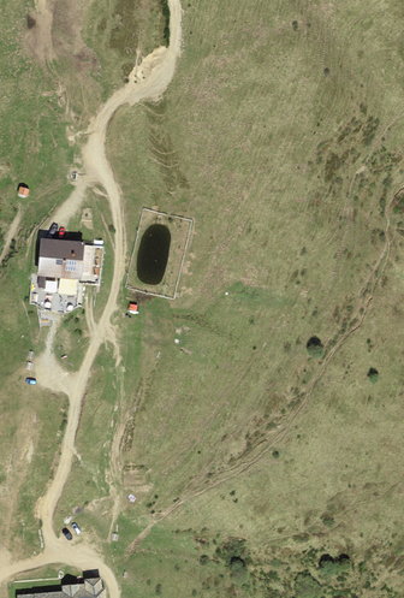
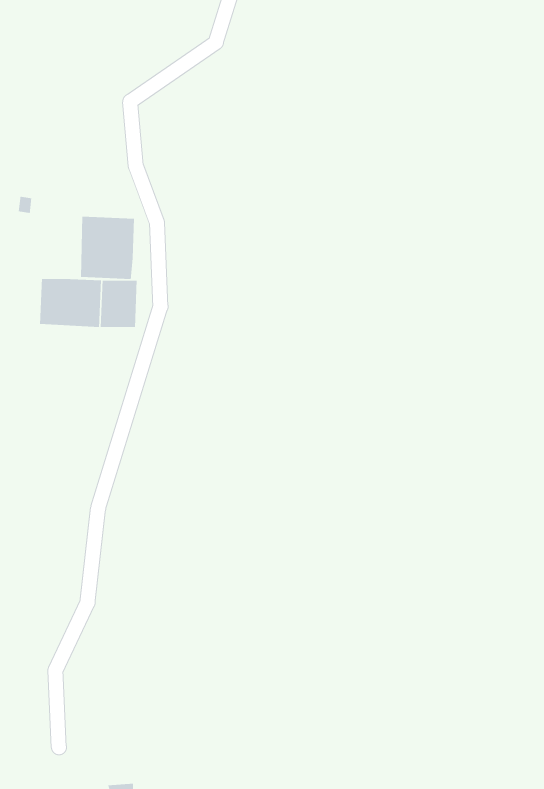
building: none -> [80,216,135,280]

